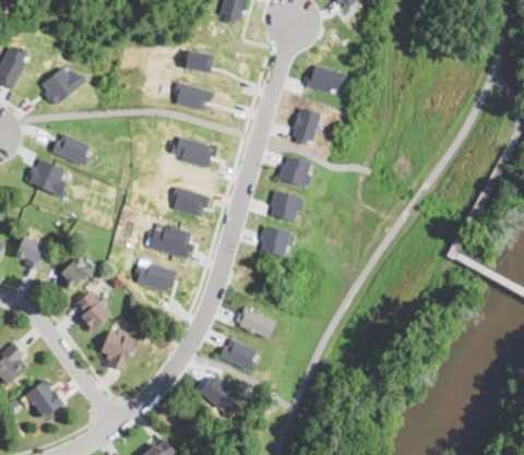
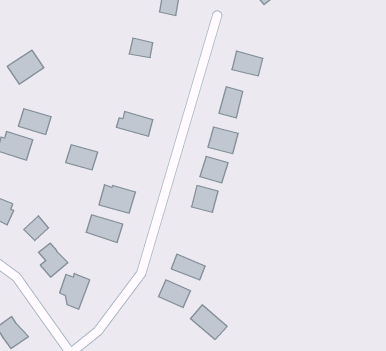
building: [172,82,211,111] -> none
building: [170,187,209,216] -> [66,145,98,170]
building: [198,373,241,415] -> [190,305,227,339]

